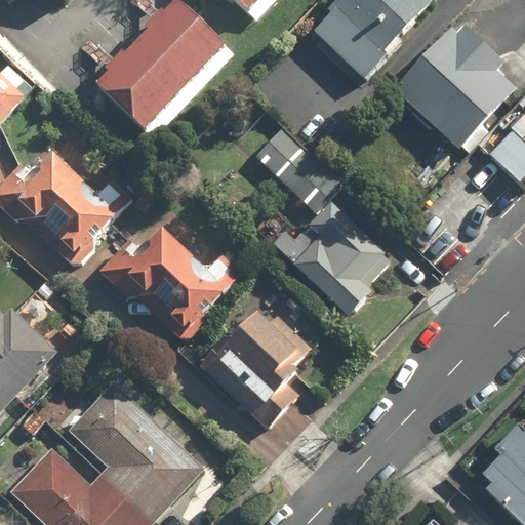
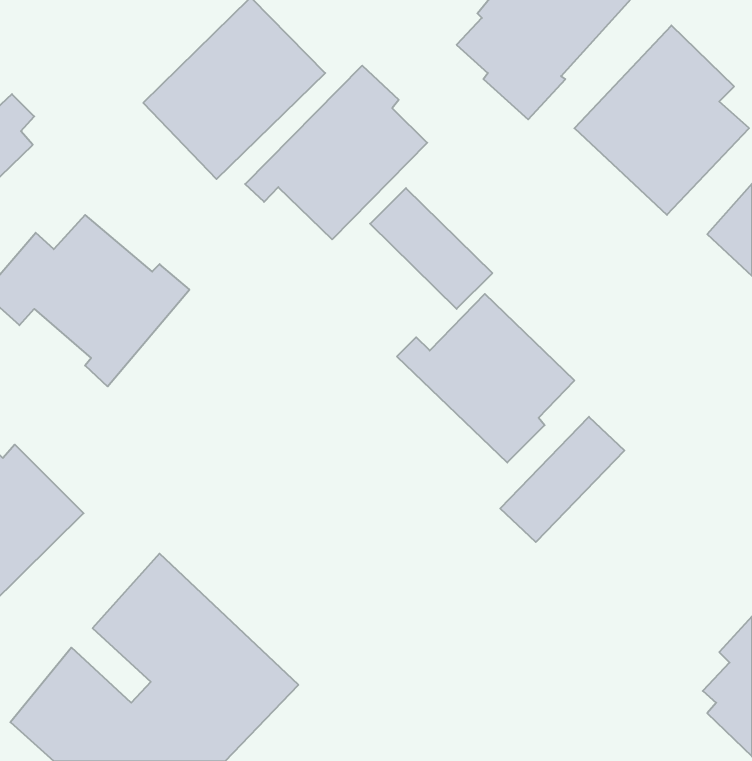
building: none -> [245,66,427,239]
building: [99,228,241,329] -> none
building: none -> [500,417,624,542]
building: [197,310,306,420] -> none

